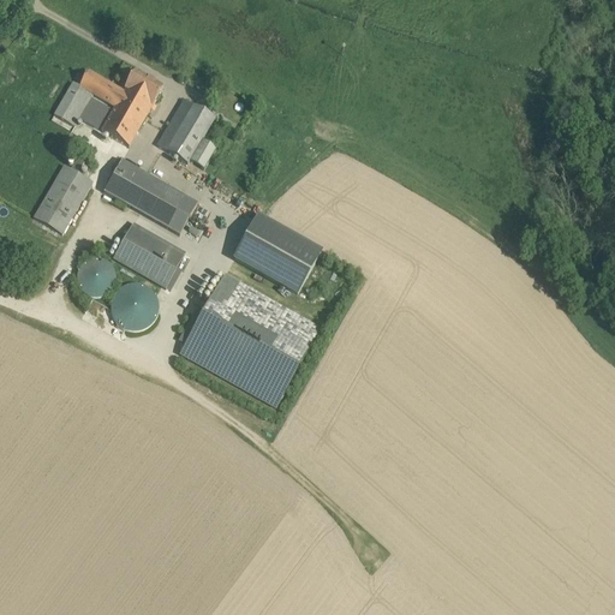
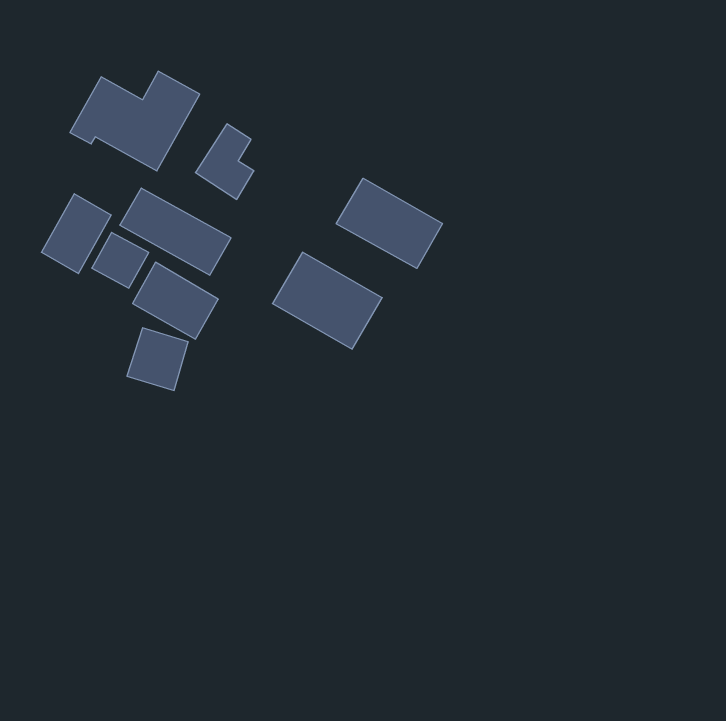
building: none -> [336,178,442,268]
building: [70,251,118,298] -> [92,232,149,288]
building: [177,271,322,408] -> none

